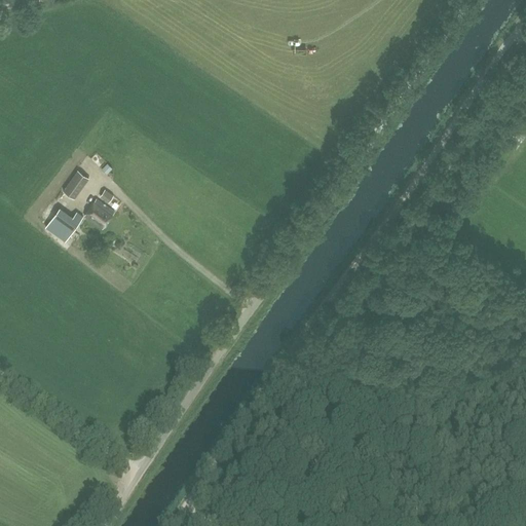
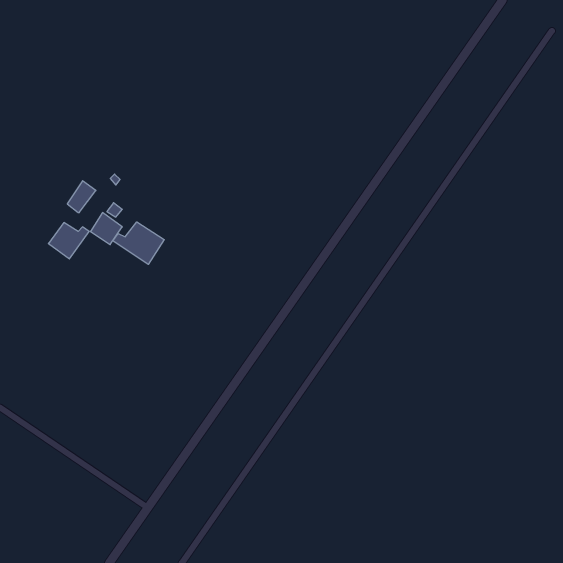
building: none -> [113,222,164,264]

